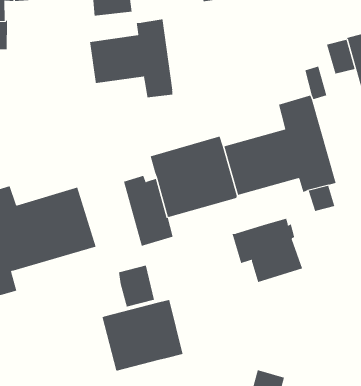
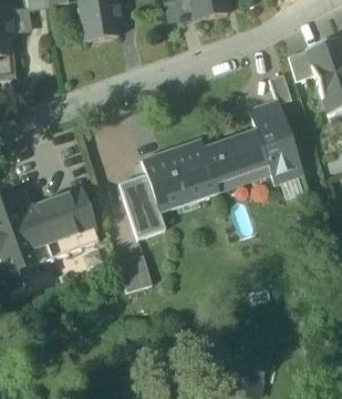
building: [90,19,173,98] -> none
building: [232,218,303,283] -> none
building: [102,299,183,372] -> none

